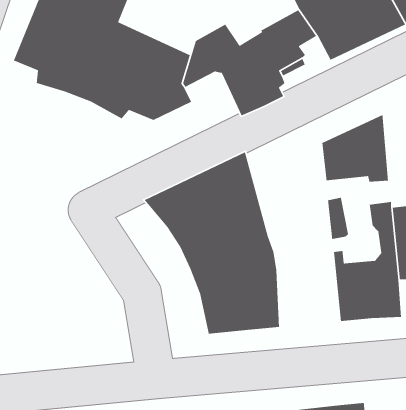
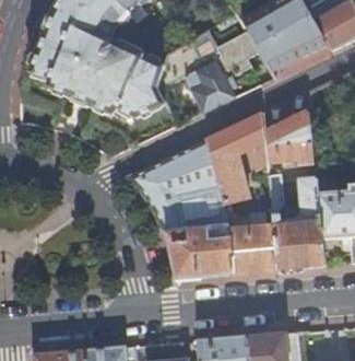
building: none -> [206,110,268,202]
building: none -> [228,211,279,272]

